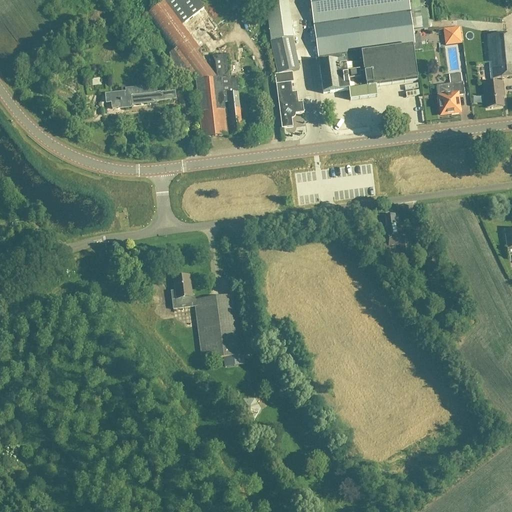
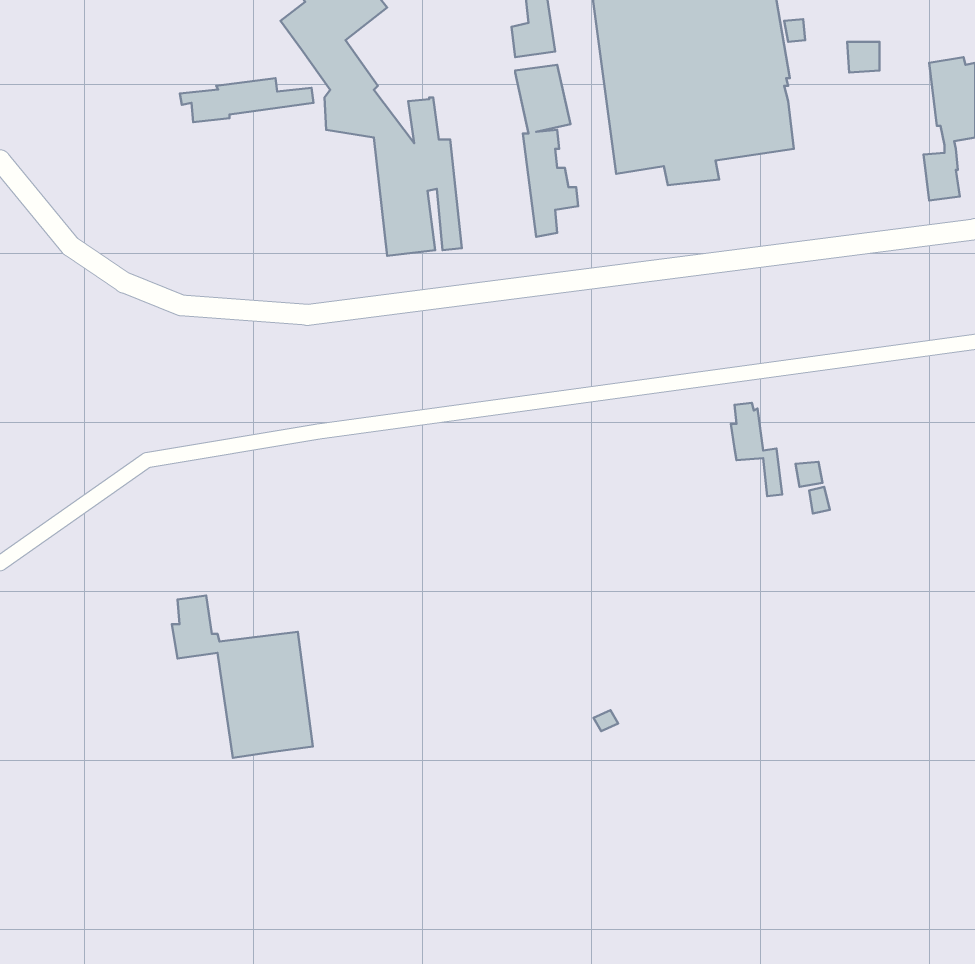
building: [436,71,463,113] -> none
building: [106,83,176,106] -> [180,78,314,122]
building: [170,272,244,357] -> [172,596,313,758]

